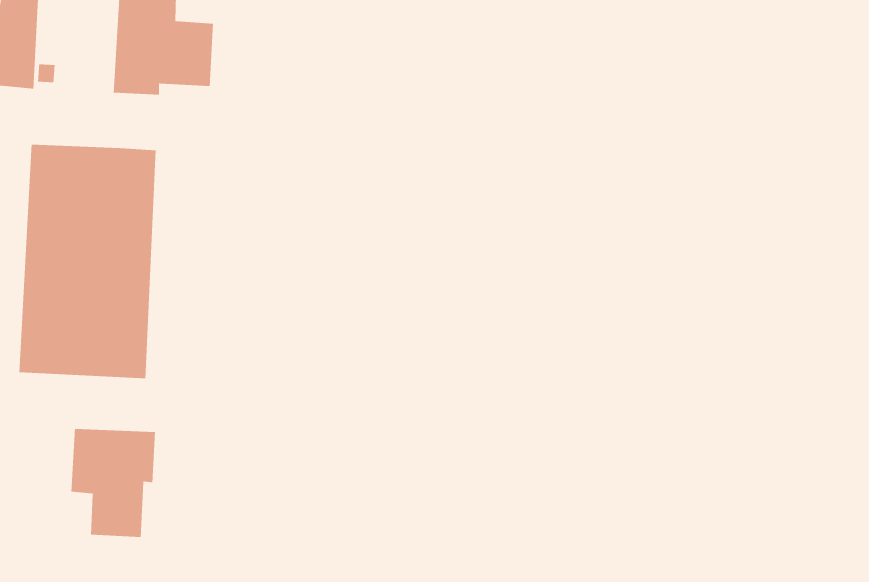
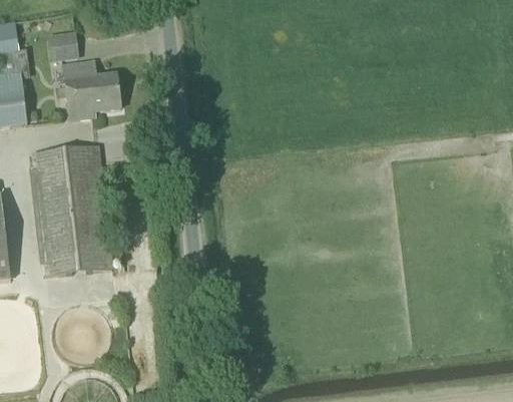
building: [70,428,156,538] -> none

